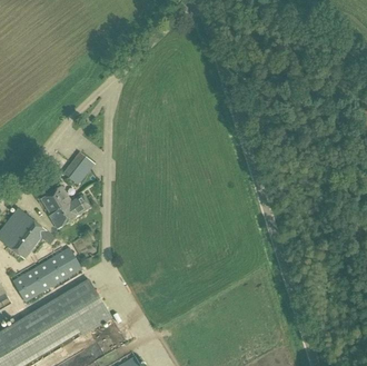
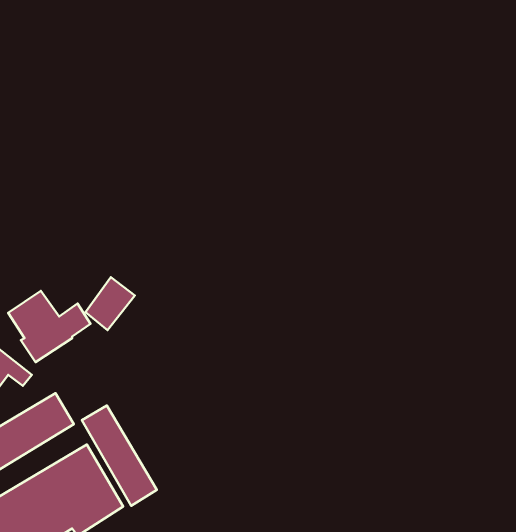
building: [63,152,93,185] -> [85,277,135,330]
building: none -> [82,405,157,506]

